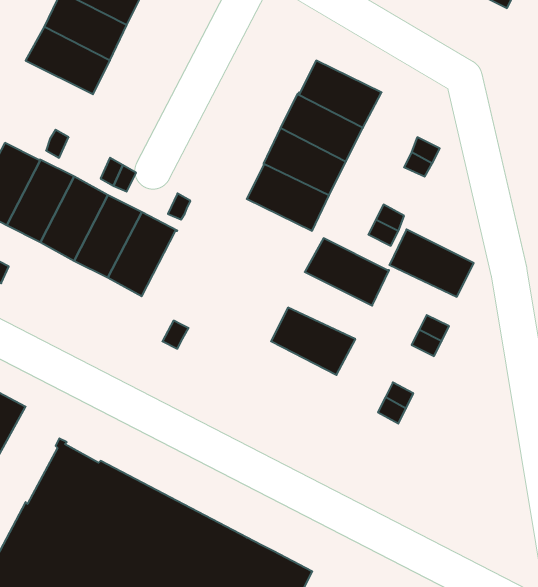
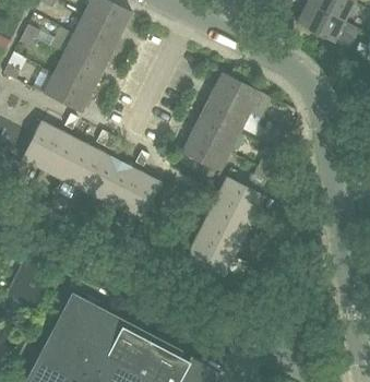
building: none -> [43,73,92,114]
building: [389,229,474,297] -> [205,196,254,236]
building: none -> [120,172,160,220]
building: none -> [186,237,234,276]

